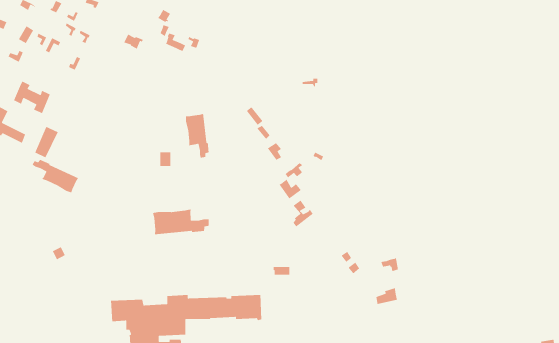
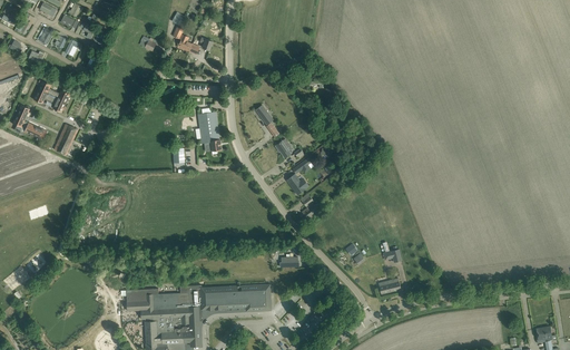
building: [32,159,79,193] -> none
building: [152,208,209,235] -> none

